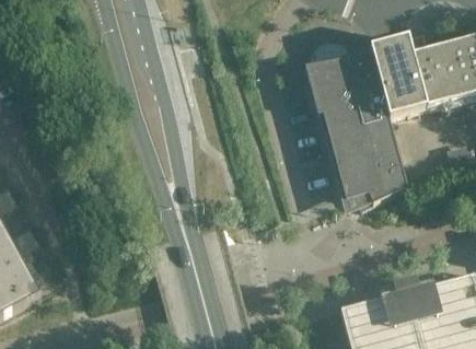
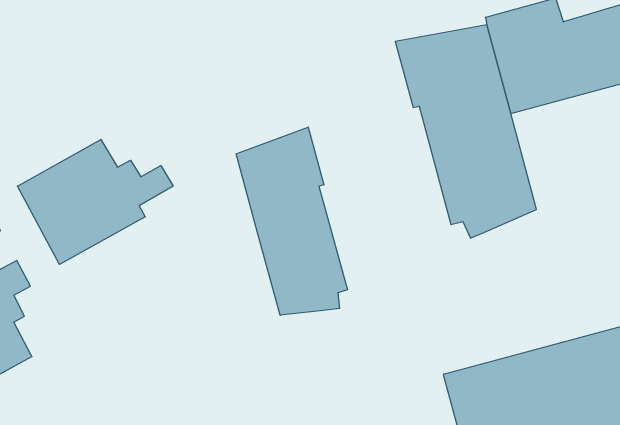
building: none -> [236,127,348,315]
building: none -> [17,139,173,264]

